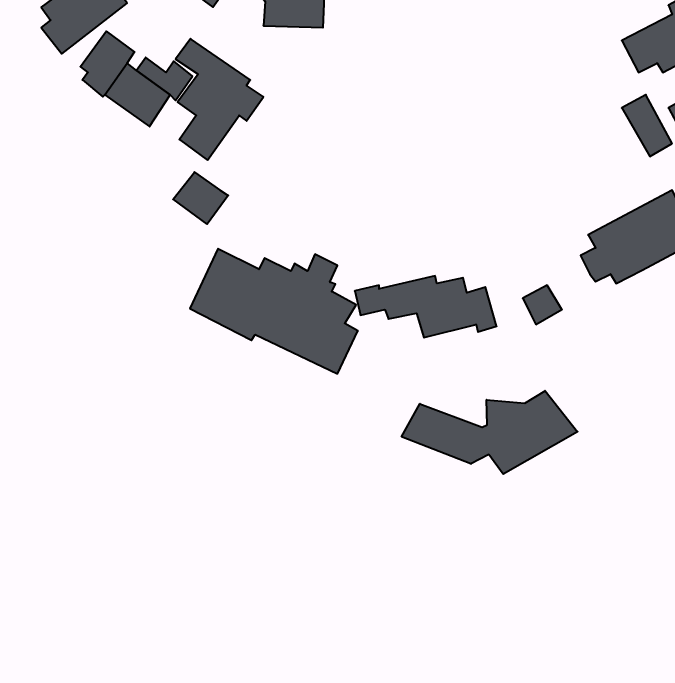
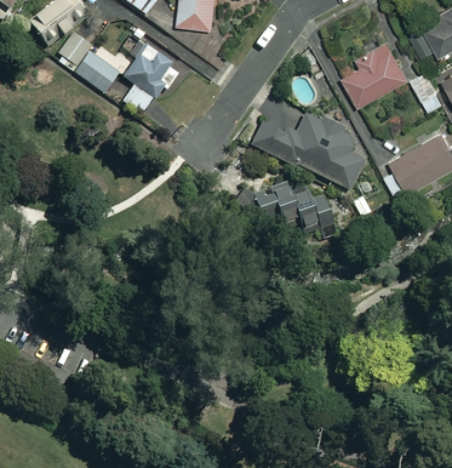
building: none -> [341,42,406,107]
building: [173,172,228,224] -> none
building: [190,249,358,374] -> [253,107,362,188]
building: [402,391,578,474] -> none

